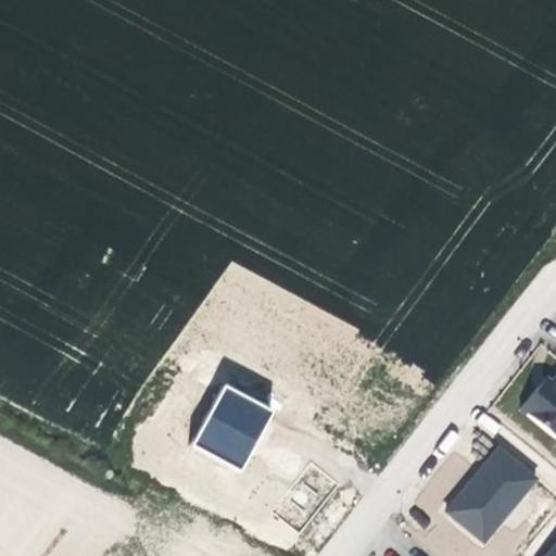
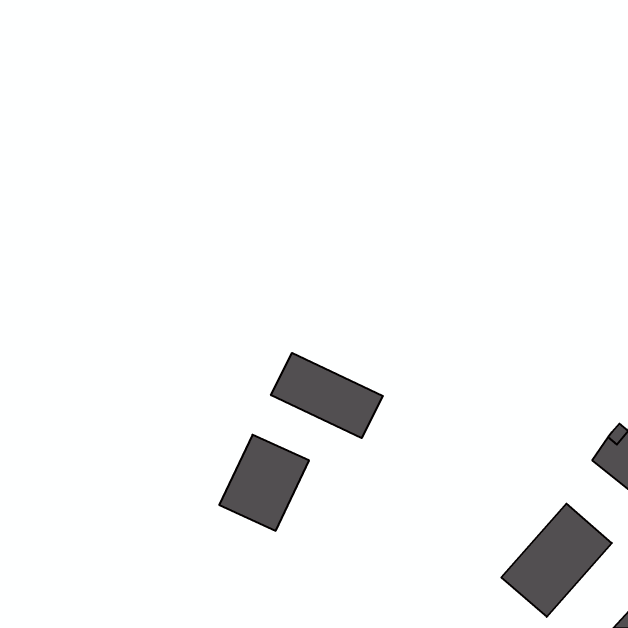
building: none -> [271,353,383,438]

